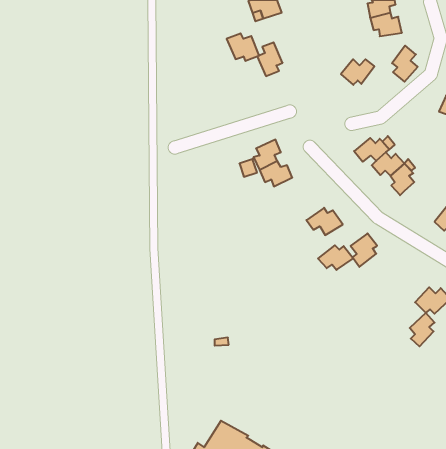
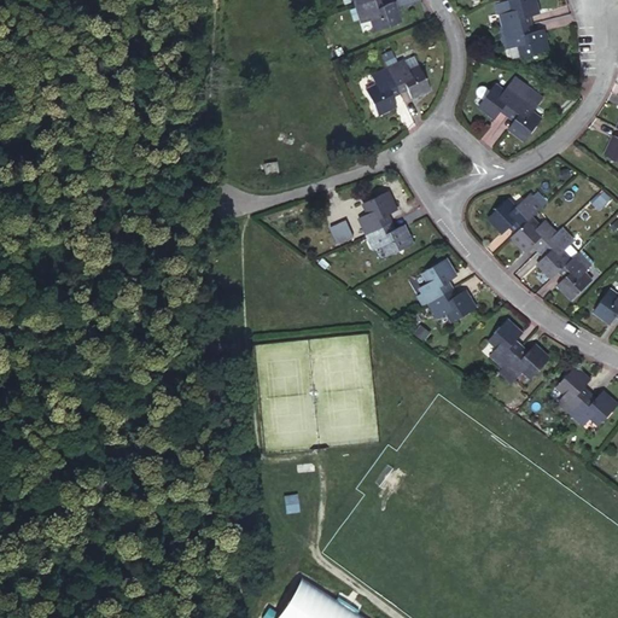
building: [227,33,259,61] -> [381,54,426,92]
building: [392,46,418,82] -> [501,94,536,144]
building: none -> [560,247,593,292]
building: none -> [416,260,450,304]
building: [318,245,353,270] -> [499,350,547,384]
building: [410,313,435,346] -> [561,371,595,416]

